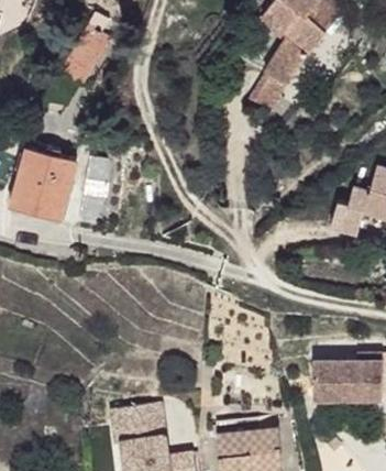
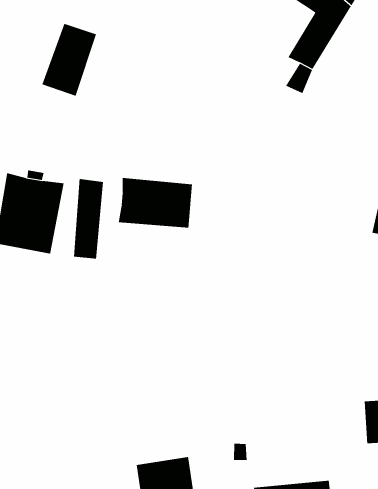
building: none -> [118,177,193,228]

